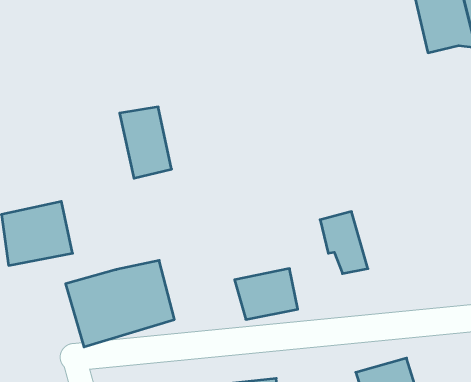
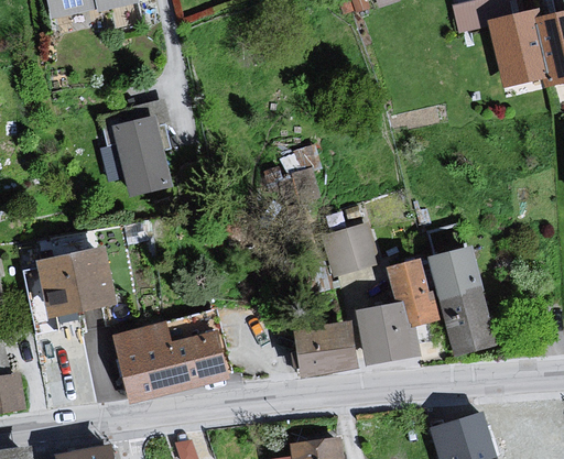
building: [120,107,172,178] -> [111,117,167,194]
building: none -> [319,219,382,274]
building: none -> [429,247,499,352]
building: none -> [355,300,423,363]

